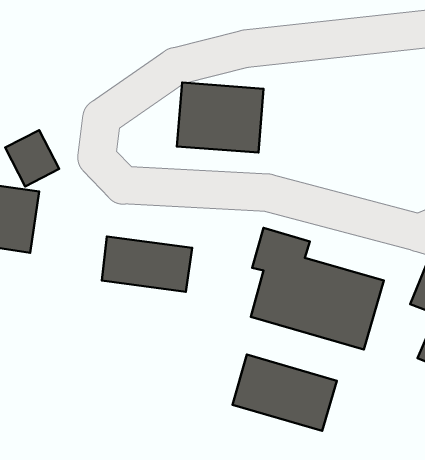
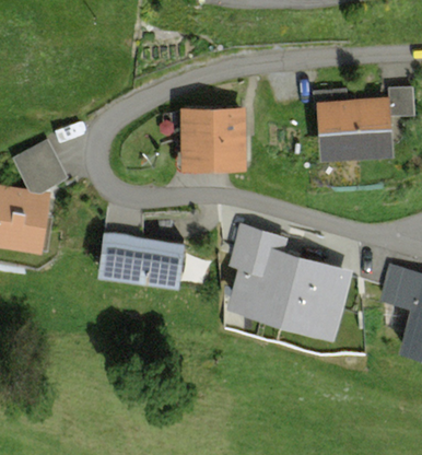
building: none -> [306,100,385,159]
building: [232,355,337,431] -> none

